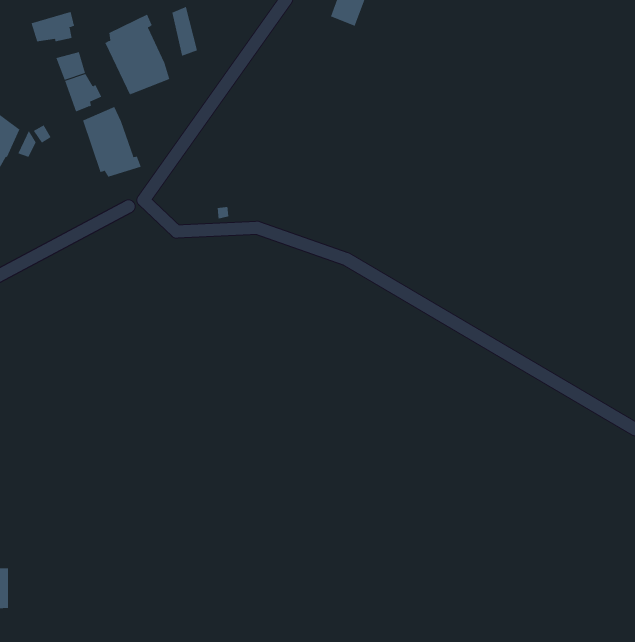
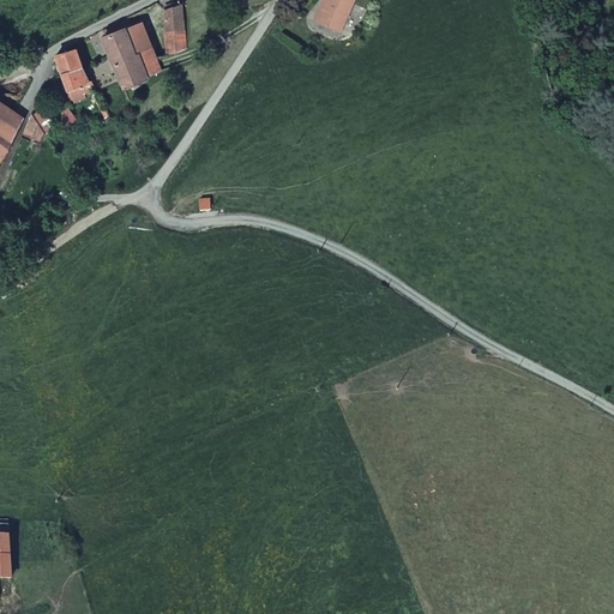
building: [31,11,75,42] -> none
building: [82,106,141,178] -> none

